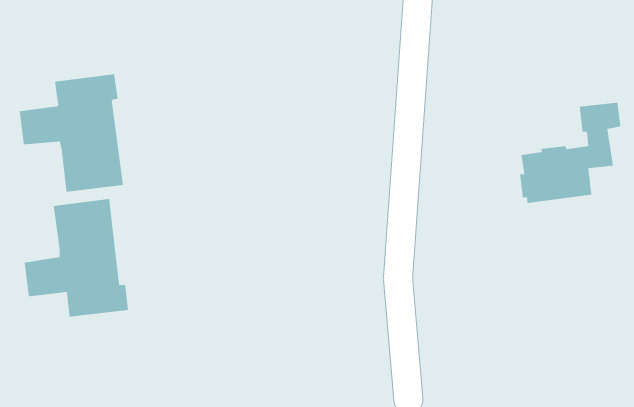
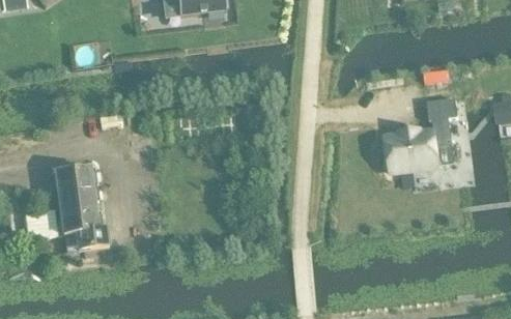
building: [19,73,124,192] -> none

